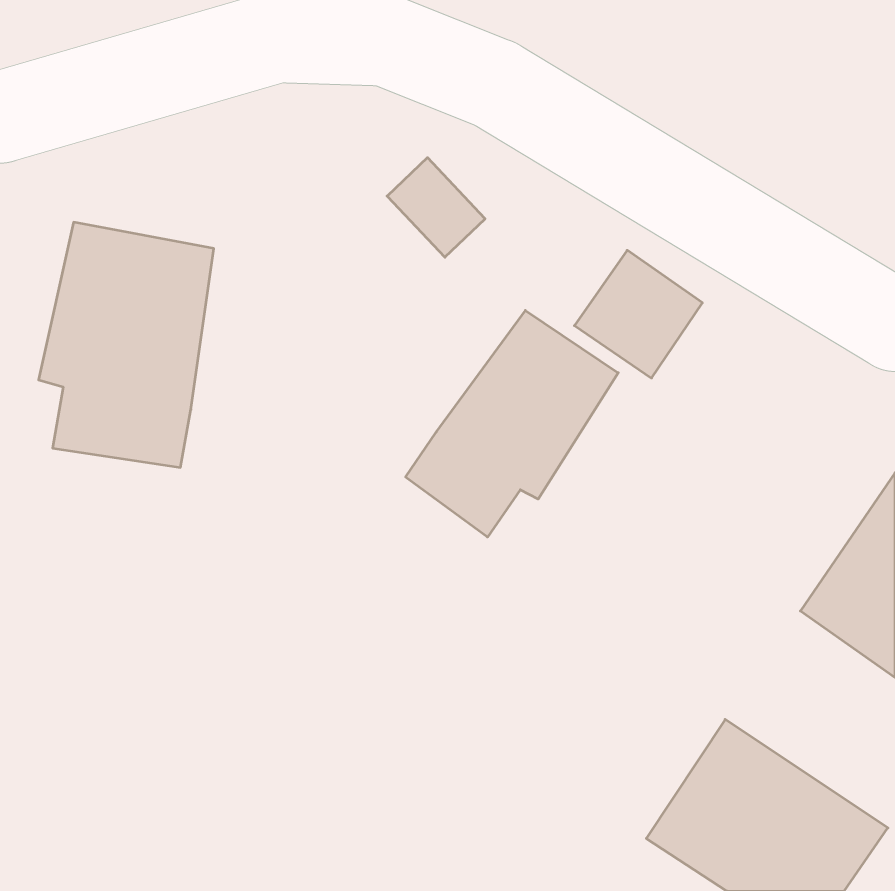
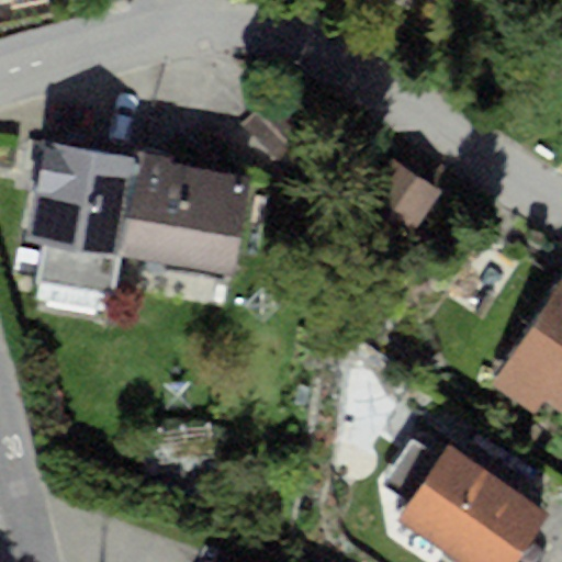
building: none -> [120,148,251,274]
building: [406,310,618,537] -> none

